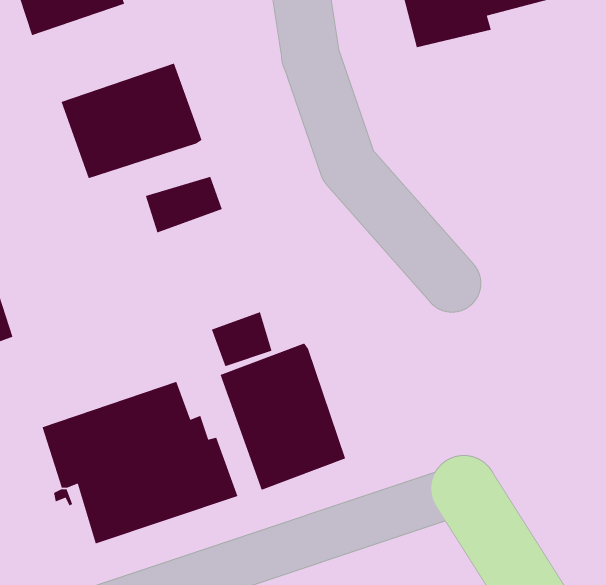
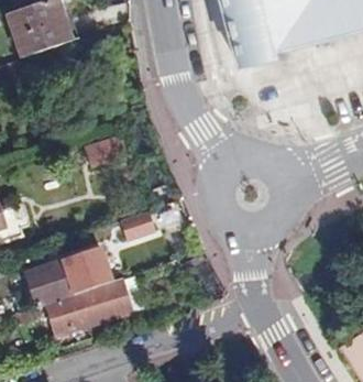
building: [60,62,203,179] -> none
building: [219,343,346,491] -> none

